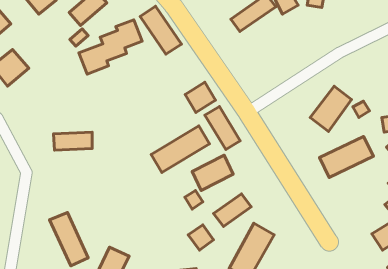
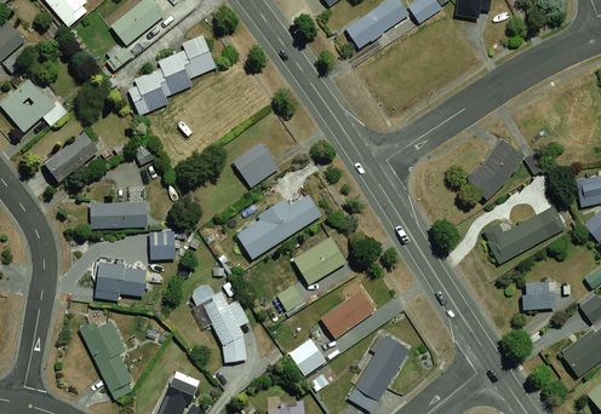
building: [140,6,181,54] -> none
building: [185,82,216,112] -> [237,143,282,188]
building: none -> [44,131,98,179]
building: [205,106,240,150] -> none
building: none -> [143,229,172,259]
building: none -> [88,260,142,299]
building: none -> [519,280,557,309]
building: none -> [190,288,245,363]

